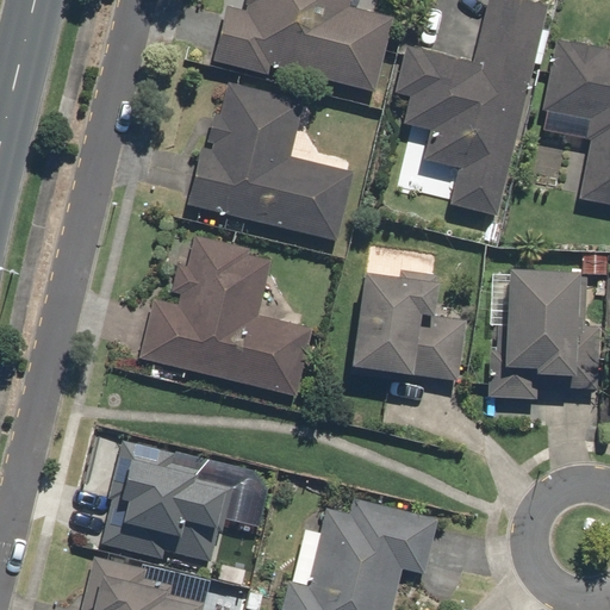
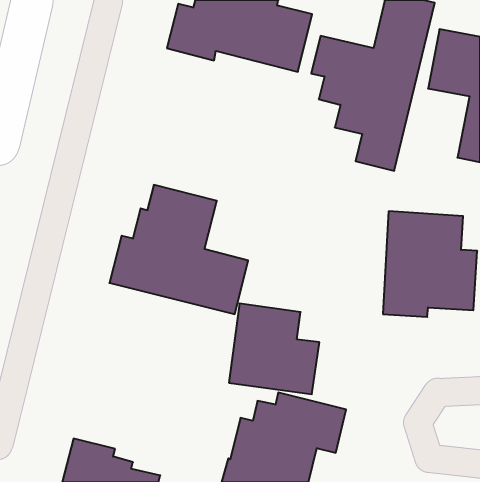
building: [185,80,356,242] -> none
building: [354,268,468,382] -> [229,304,319,394]
building: [100,438,267,559] -> none

